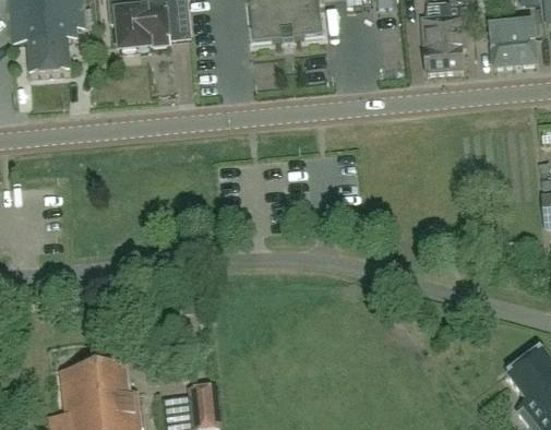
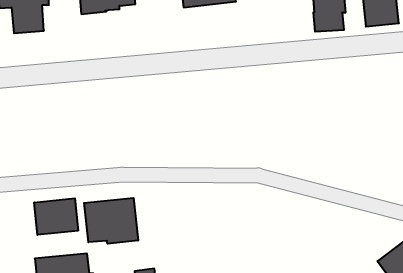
building: none -> [84,198,138,244]
building: none -> [34,198,78,235]

